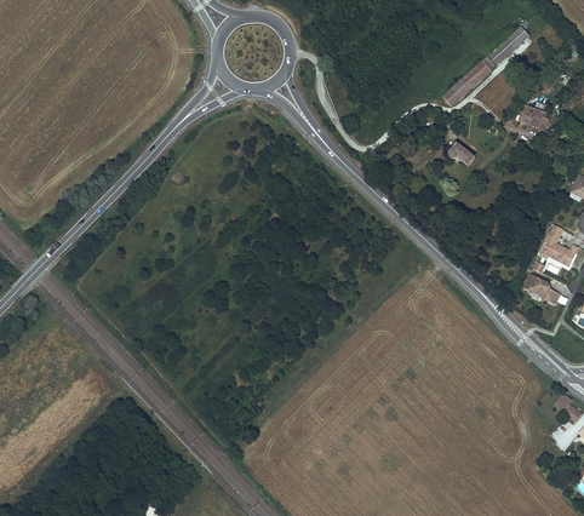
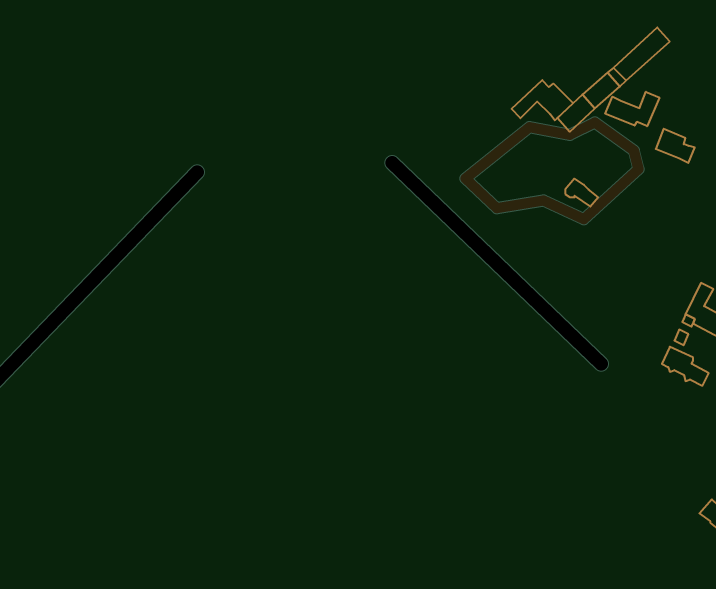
building: none -> [512,80,573,120]
building: none -> [605,92,659,126]

